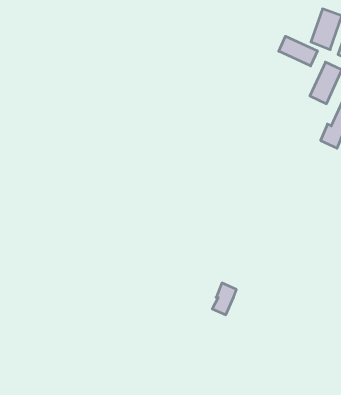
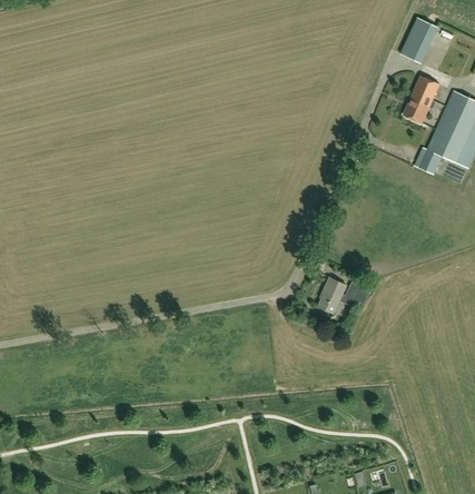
building: [279,36,317,66] -> none
building: [212,283,236,315] -> [317,277,345,314]

